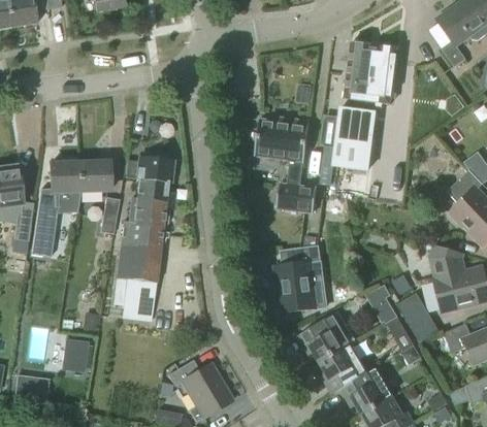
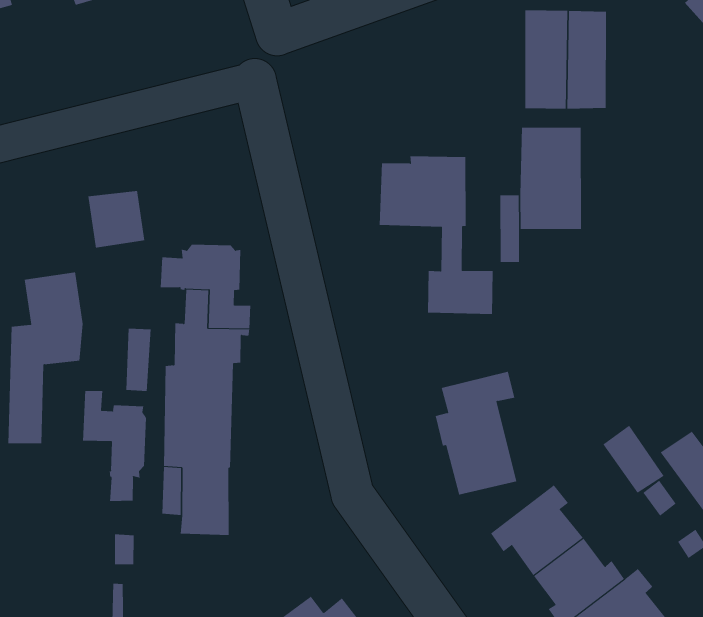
building: [79,162,109,192] -> [87,190,145,248]
building: none -> [83,390,146,502]

